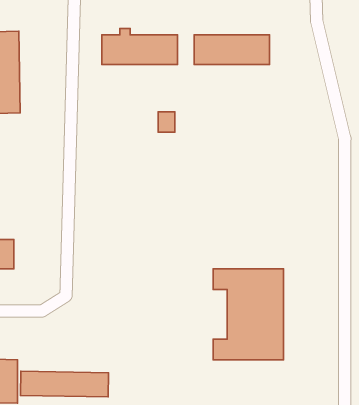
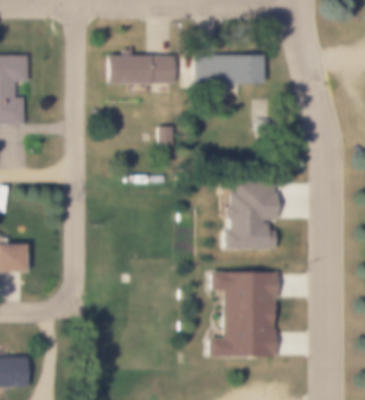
building: none -> [223,182,276,249]
building: [20,371,108,397] -> none

